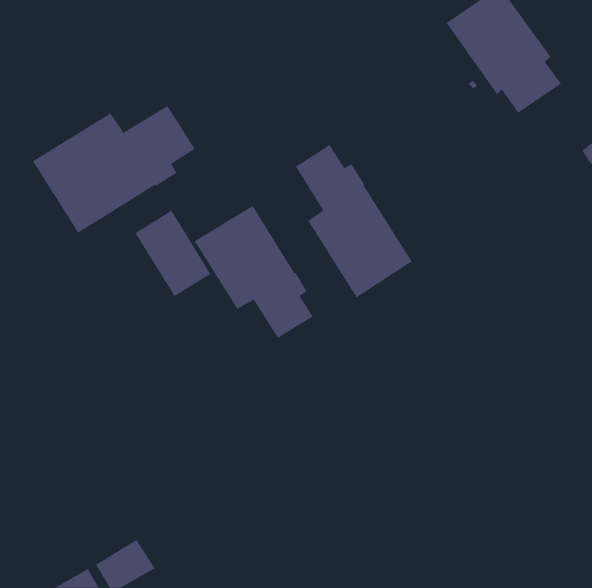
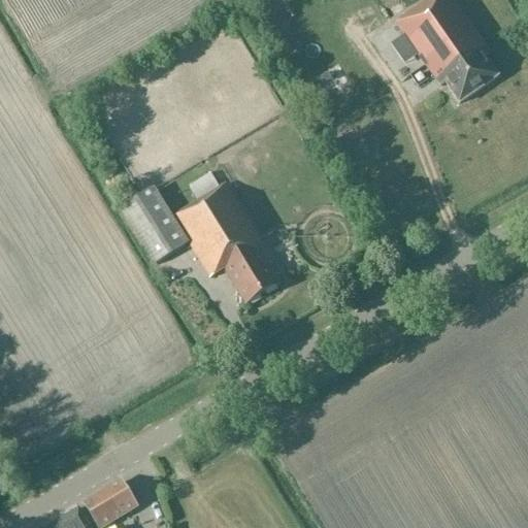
building: [32,105,196,234] -> none
building: [295,144,413,298] -> none

